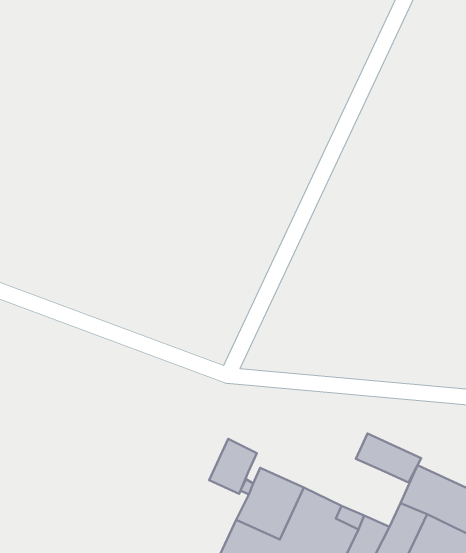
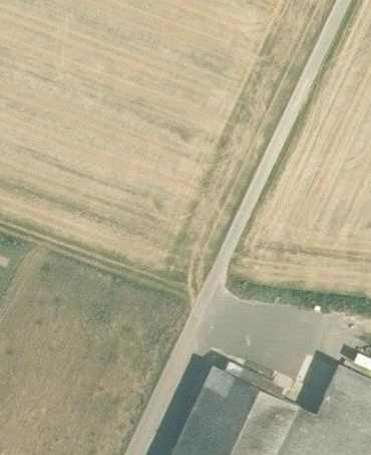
building: [356,433,421,482] -> none
building: [209,439,257,494] -> none

